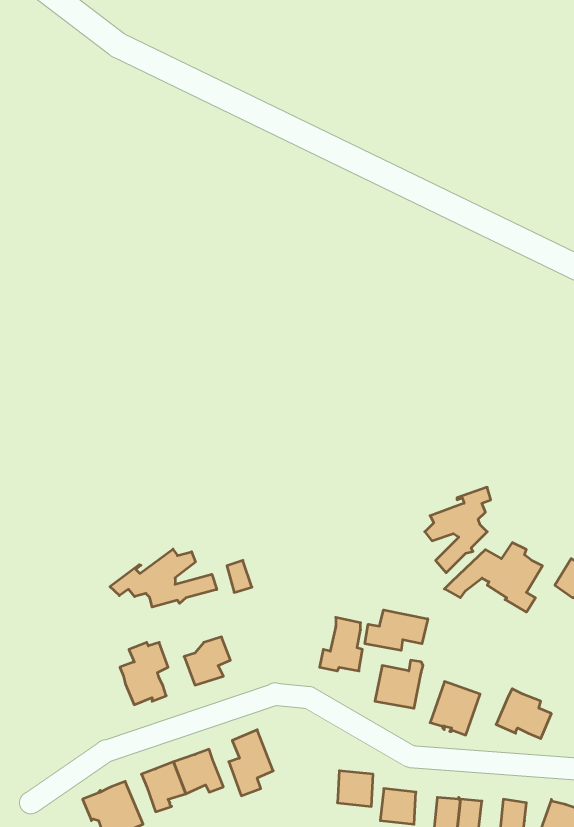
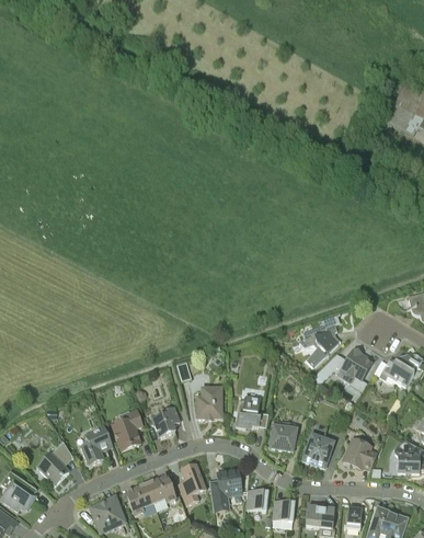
building: [110,549,217,607] -> none
building: none -> [196,388,221,420]
building: [365,610,428,650] -> none
building: none -> [80,424,112,465]
building: none -> [44,440,71,484]
building: none -> [209,469,241,512]

